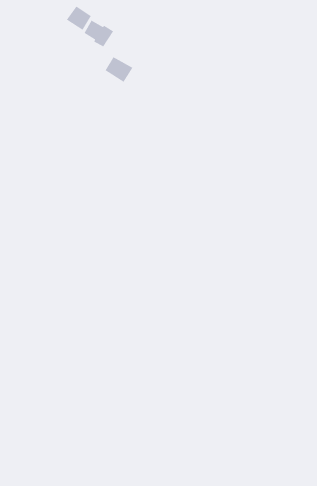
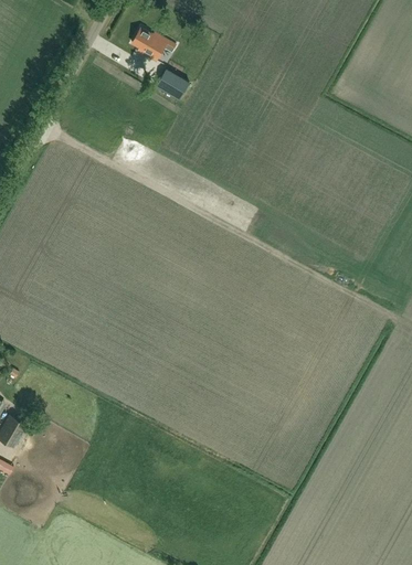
building: [66,6,92,31] -> none

